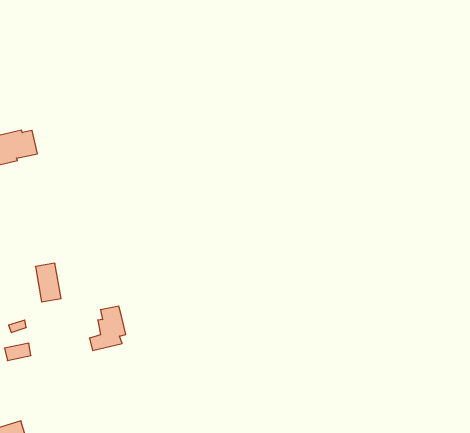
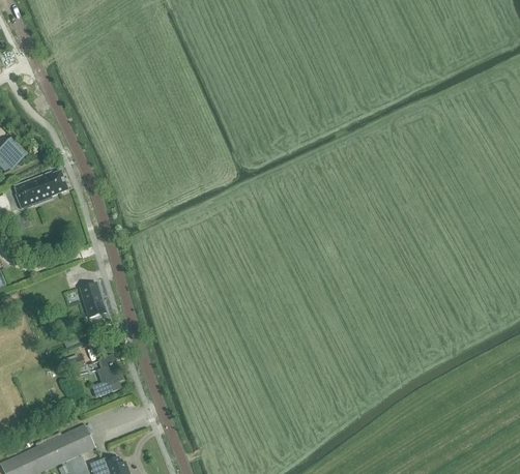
building: [89,306,126,350] -> [91,355,122,396]

